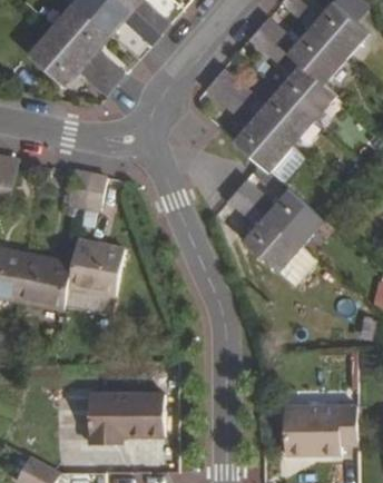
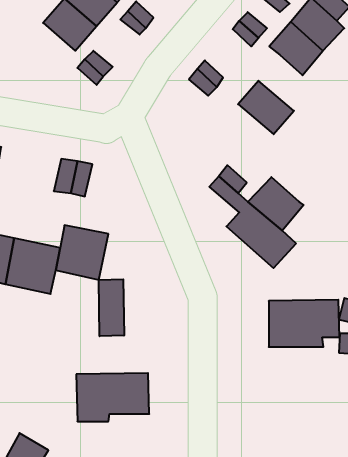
building: [33,30,87,82] -> none
building: [277,63,335,121] -> none
building: [233,115,293,172] -> none
building: none -> [99,279,124,336]
building: [284,405,357,454] -> [269,300,339,347]

